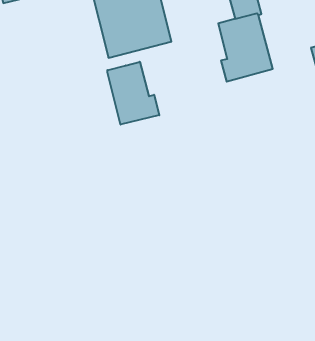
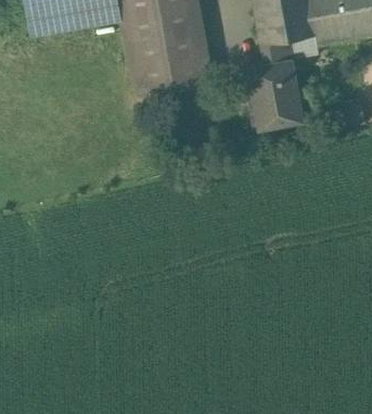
building: [107,62,159,125] -> none

